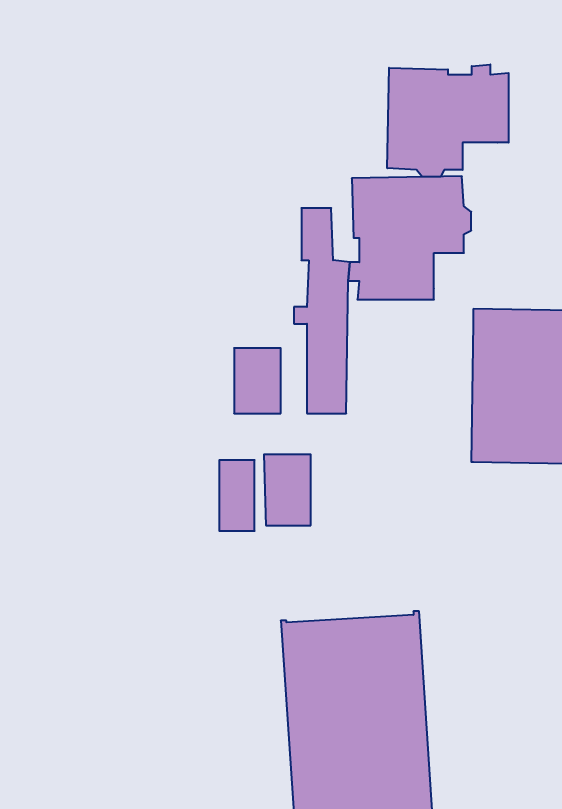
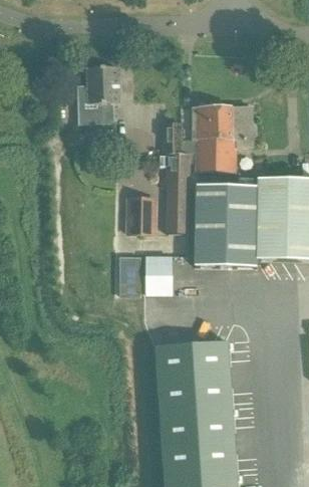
building: [387,64,509,177] -> none
building: none -> [77,66,120,124]
building: none -> [196,184,258,267]

